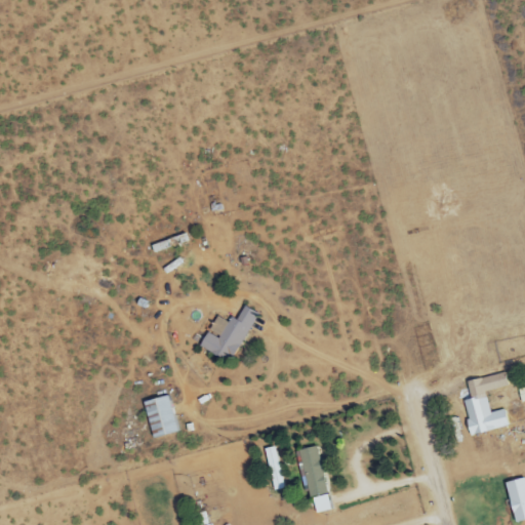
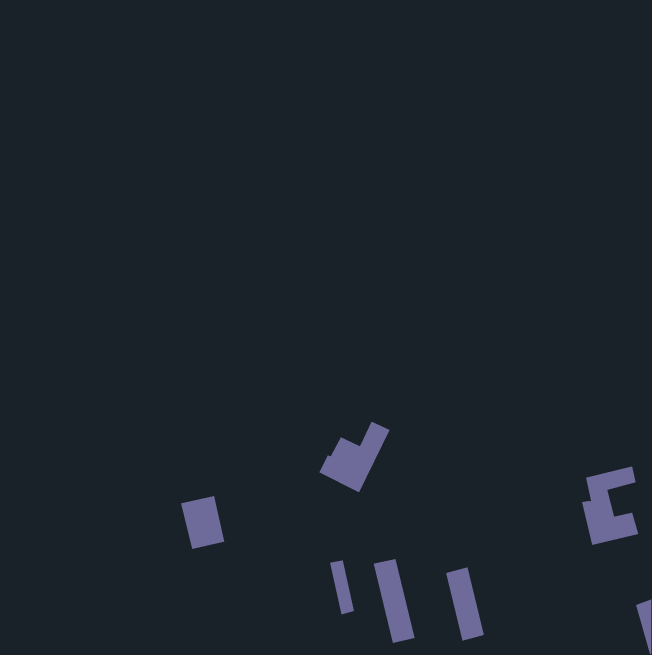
building: [200,304,257,361] -> [319,421,391,493]
building: none -> [445,567,485,641]

